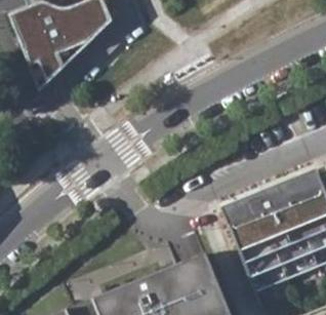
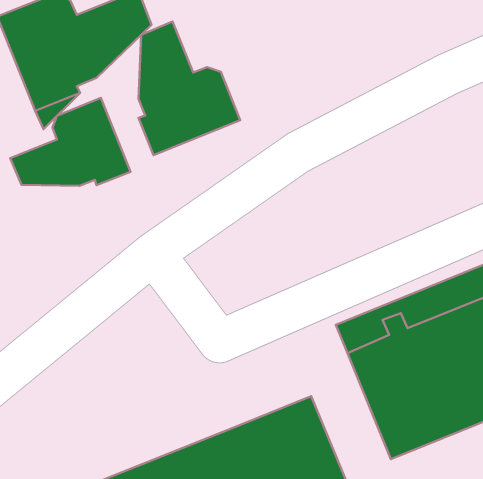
building: none -> [139,21,240,155]
building: none -> [10,98,131,186]

